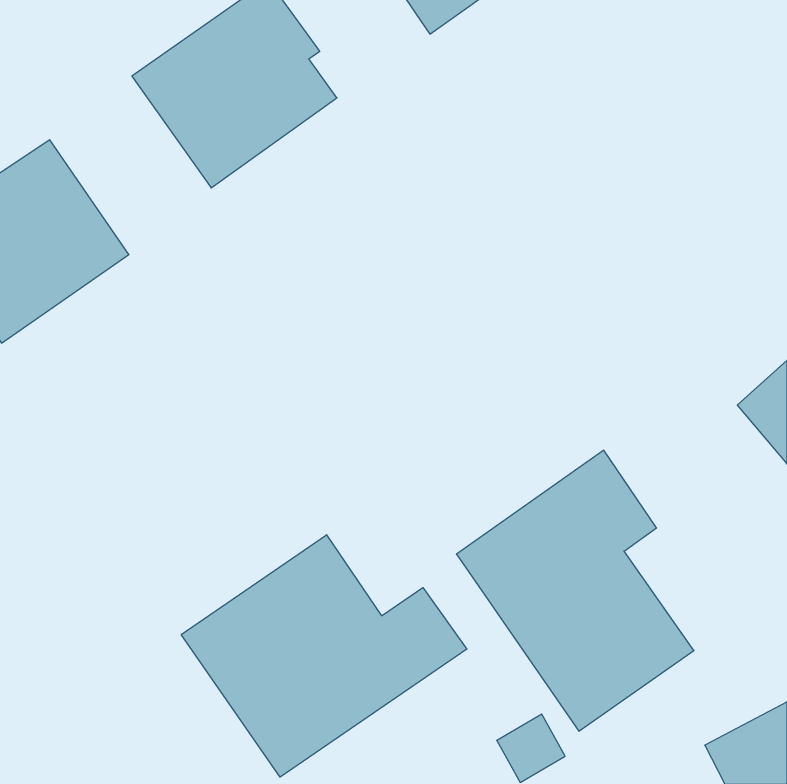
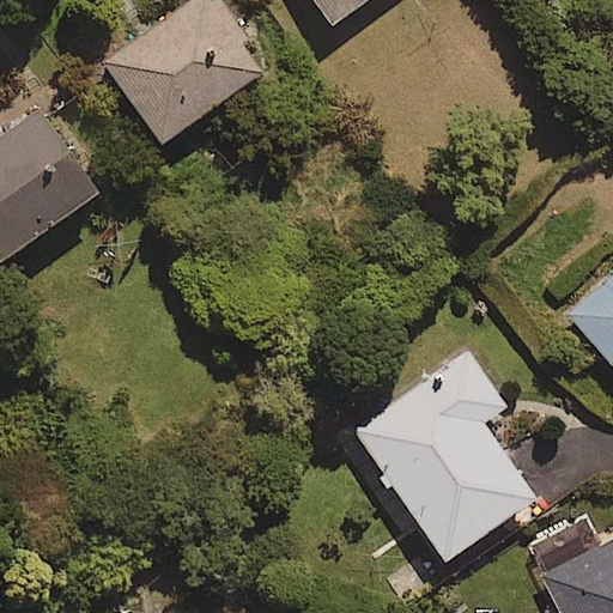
building: [181,535,467,777] -> none

